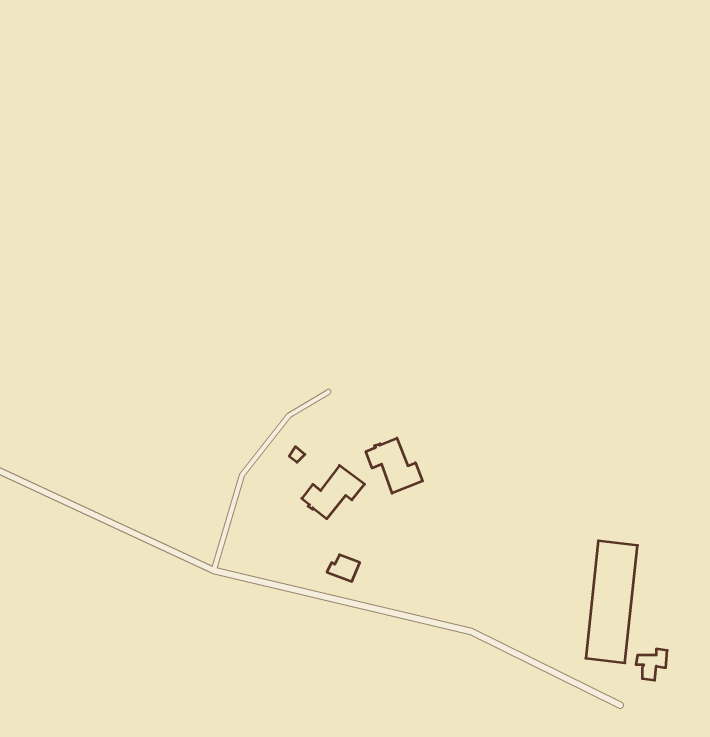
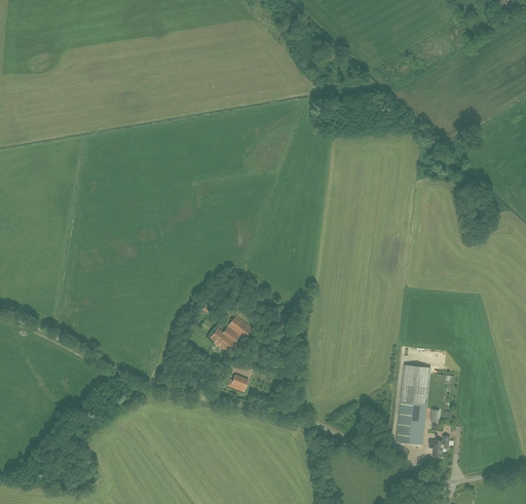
building: [366,438,423,493] -> none

